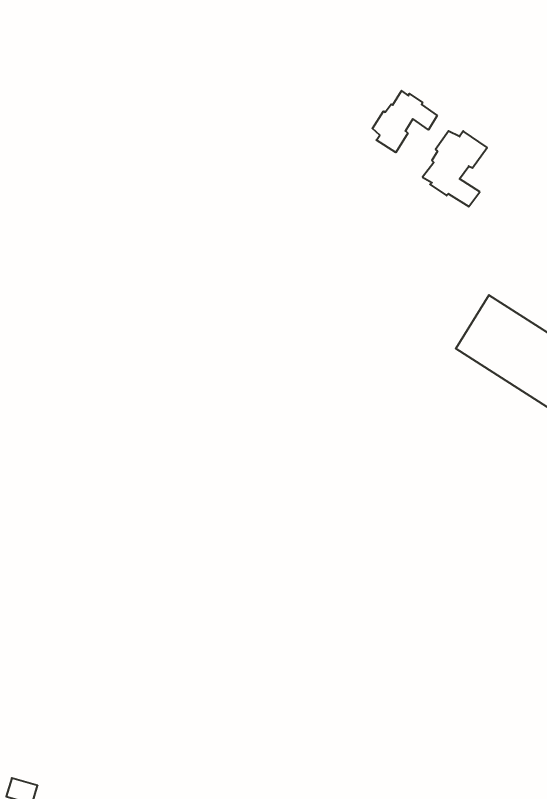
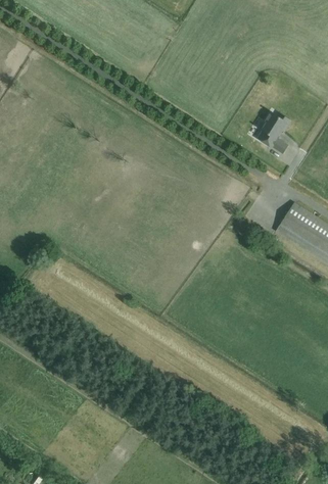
building: [372,91,437,152] -> none

